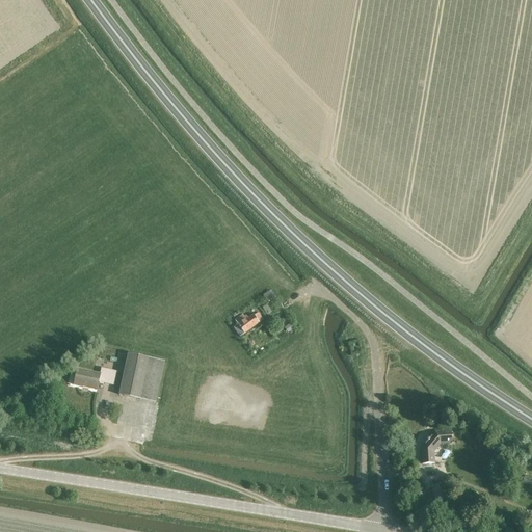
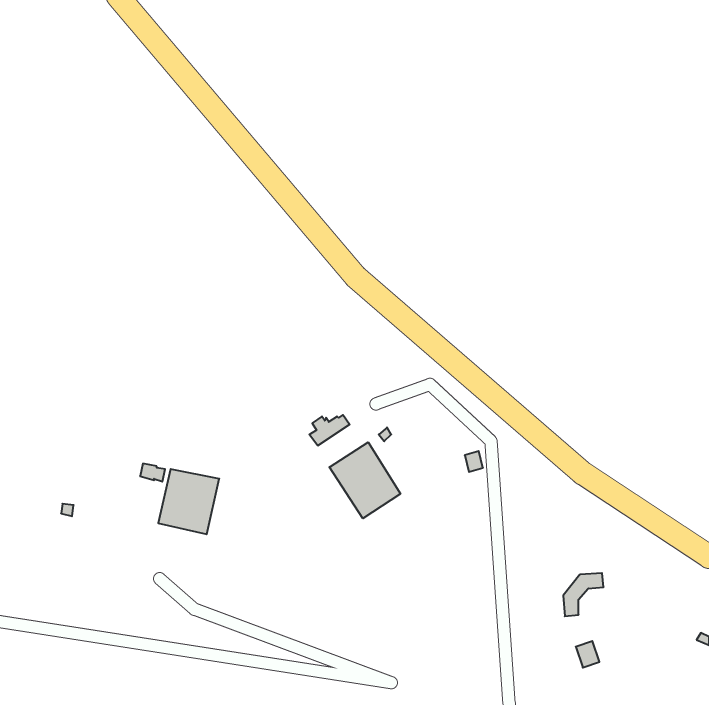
building: none -> [329,442,400,518]
building: [74,366,107,388] -> none

